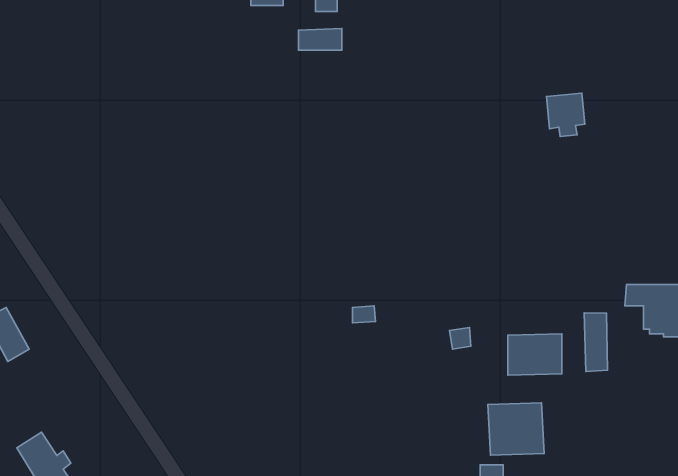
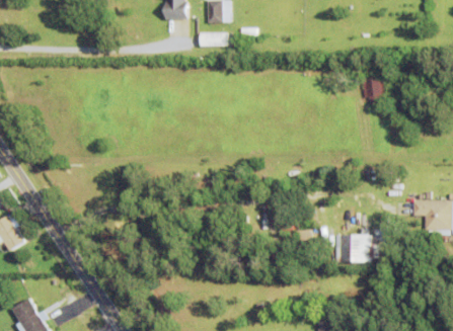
building: [584,313,608,372] -> none
building: [488,403,544,455] -> none

